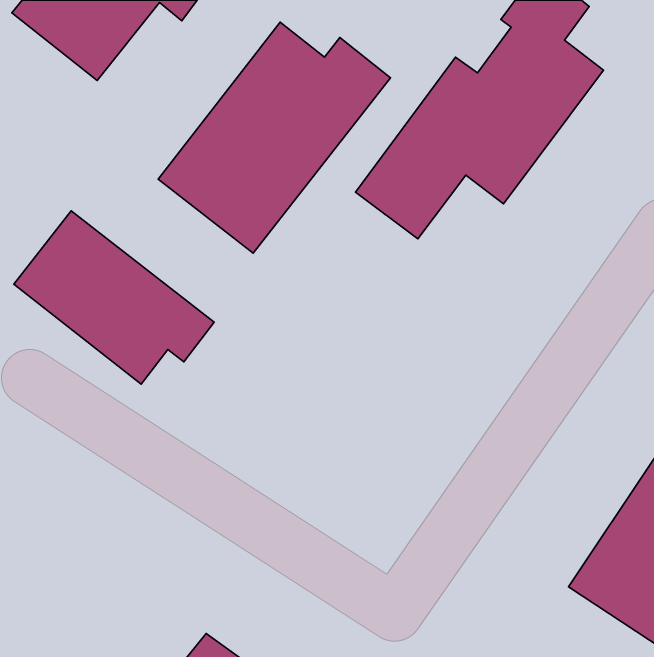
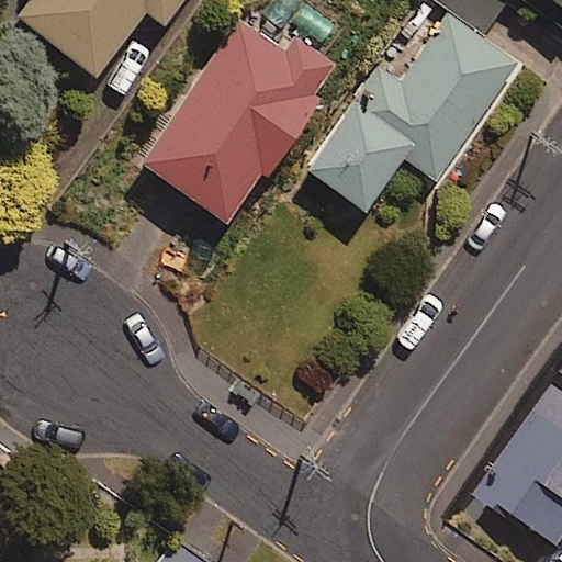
building: [14,211,214,384] -> none

